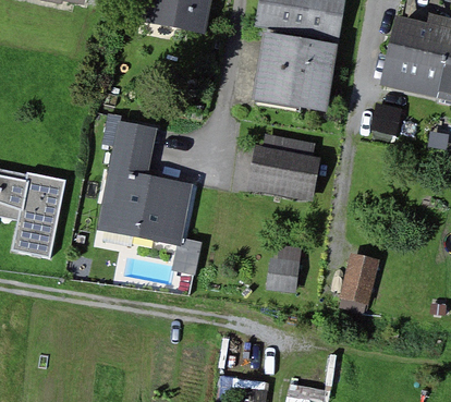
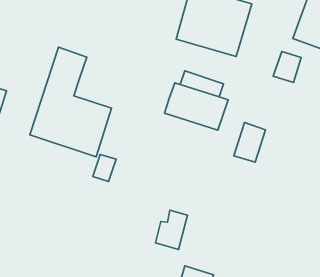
building: [269,246,302,290] -> [155,210,187,249]
building: [343,252,376,295] -> [234,123,266,162]

